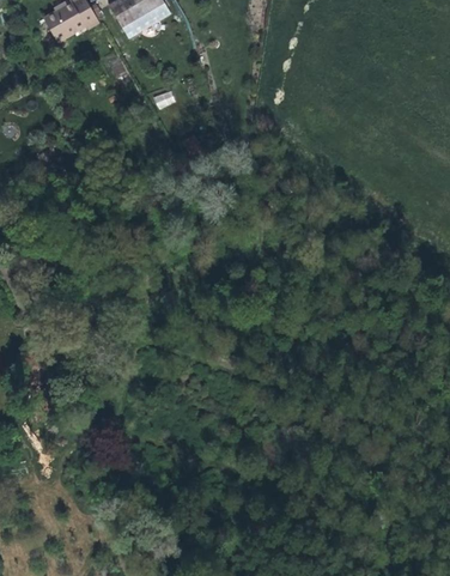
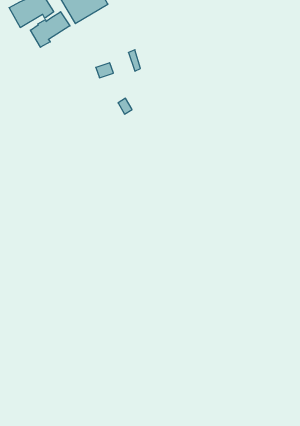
building: none -> [30,12,70,47]

